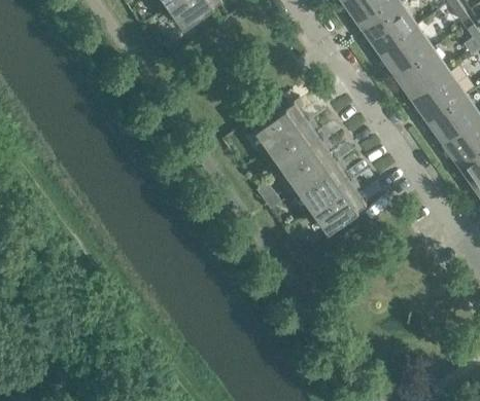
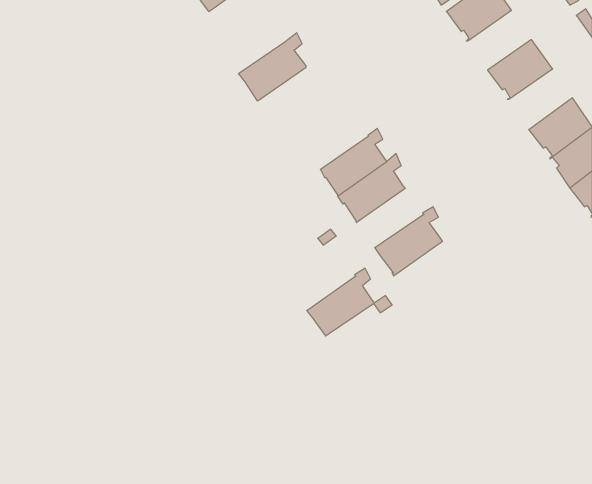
building: [382,29,432,75] -> none
building: [414,74,464,121] -> none
building: [252,100,305,152] -> [238,33,306,100]
building: [296,160,348,213] -> [307,268,375,336]

